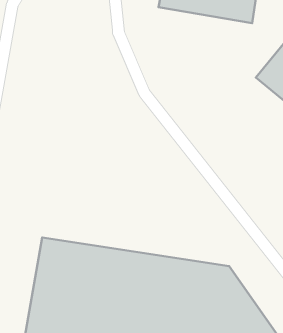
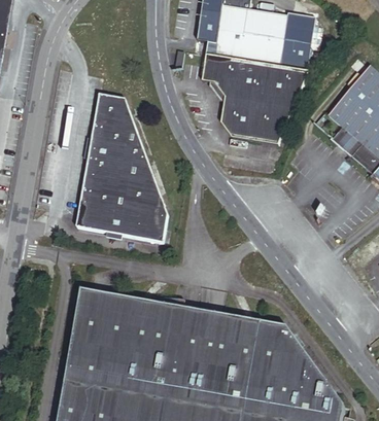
building: none -> [204,48,311,140]
building: none -> [69,91,162,238]

